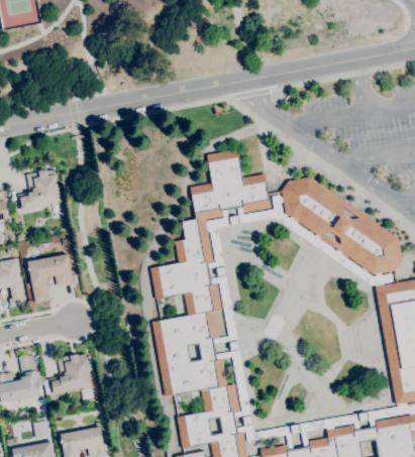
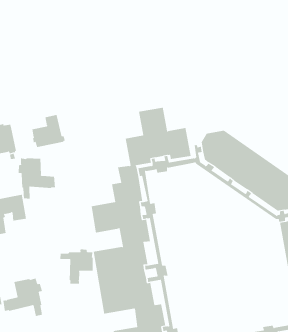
building: none -> [32,114,66,148]
building: none -> [18,157,55,199]
building: none -> [60,249,93,285]

